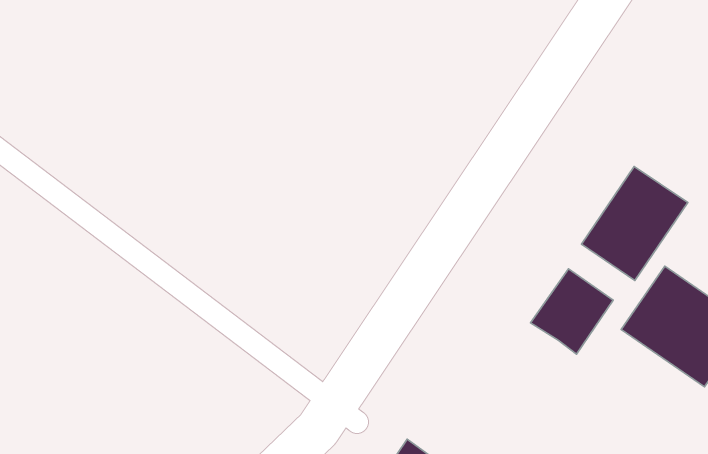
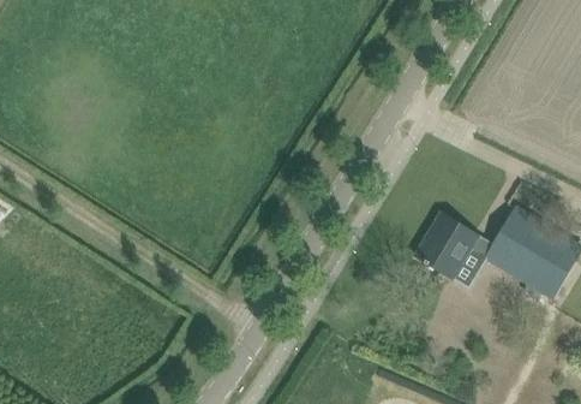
building: [582,166,688,281] -> none

